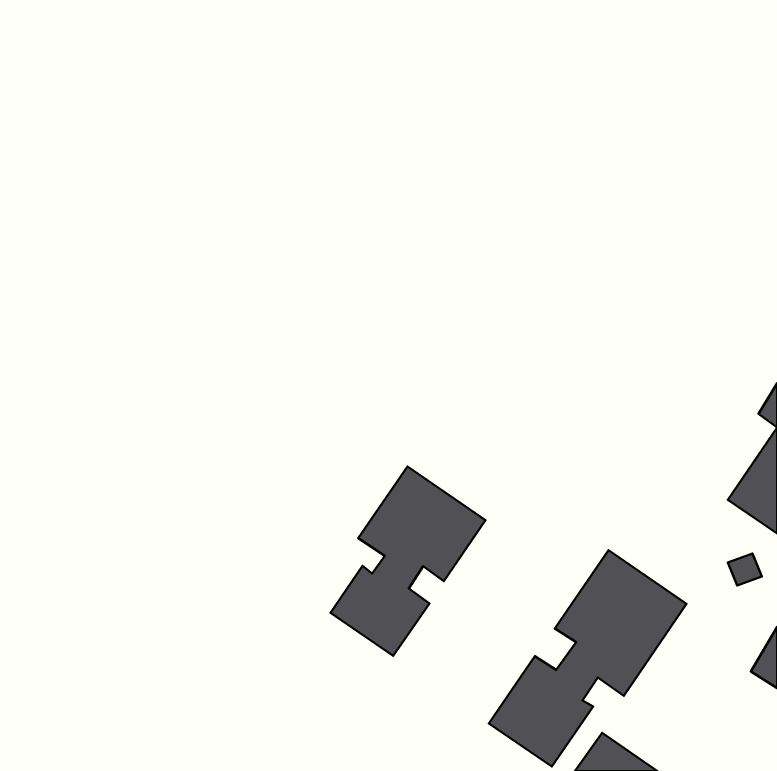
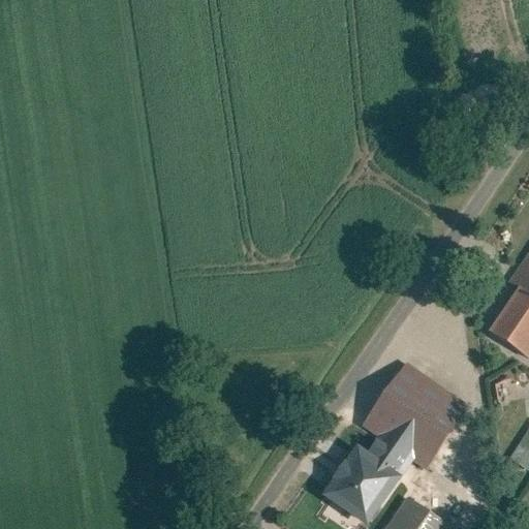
building: [331,467,486,656] -> none

